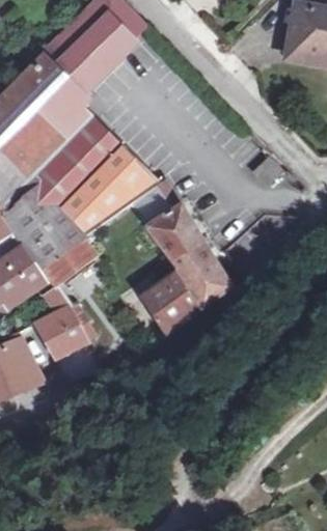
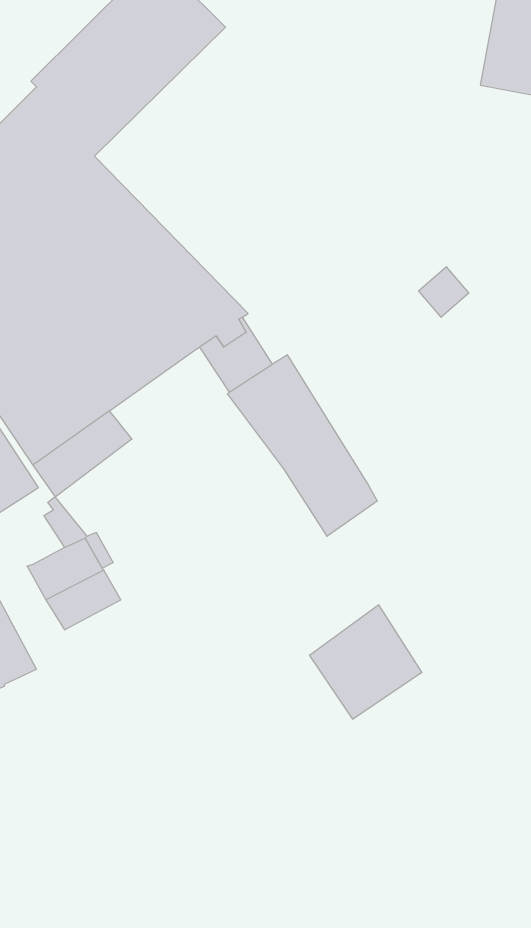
building: [141,270,203,333] -> [310,605,422,719]

